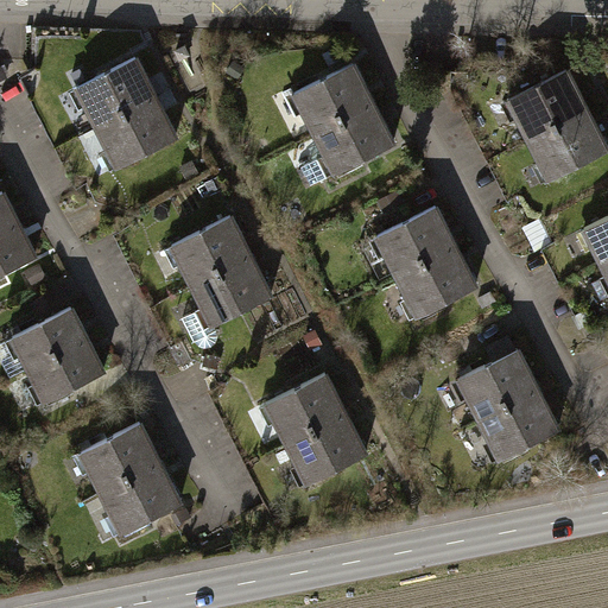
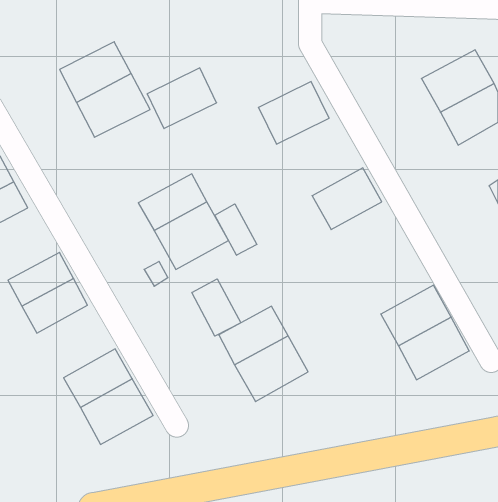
building: [289,63,372,135] -> [147,68,217,129]
building: [395,248,477,321] -> none
building: none -> [215,204,257,255]
building: none -> [192,279,241,336]

